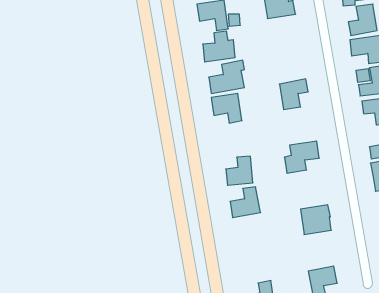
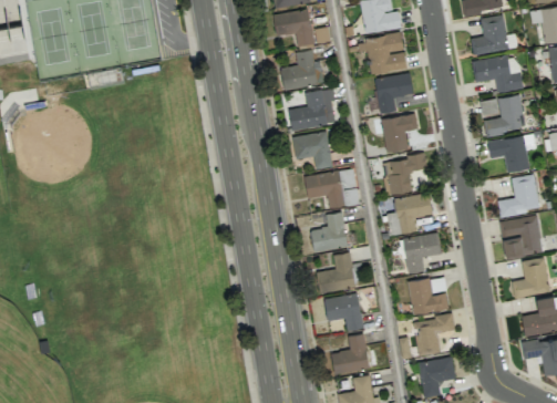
building: none -> [358,34,408,74]
building: none -> [374,74,413,114]
building: none -> [383,156,426,196]
building: none -> [305,171,359,209]
building: none -> [403,235,441,273]
building: none -> [324,293,363,331]
building: none -> [415,316,455,356]
building: none -> [332,334,369,373]

